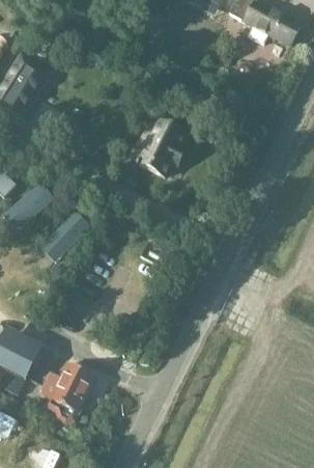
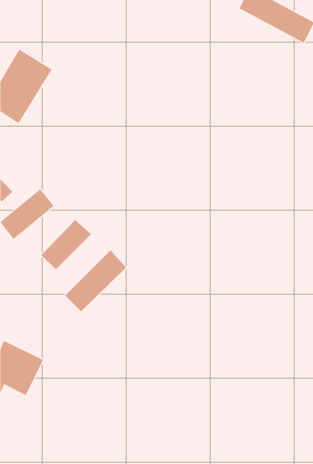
building: [139,120,184,174] -> none
building: none -> [64,250,127,312]
building: [39,360,95,421] -> none

